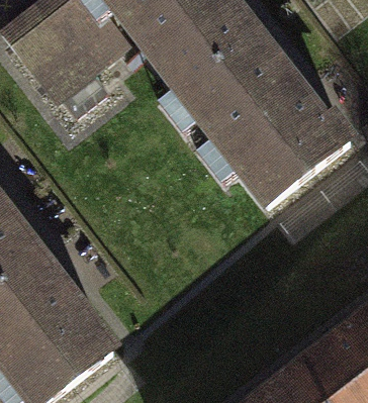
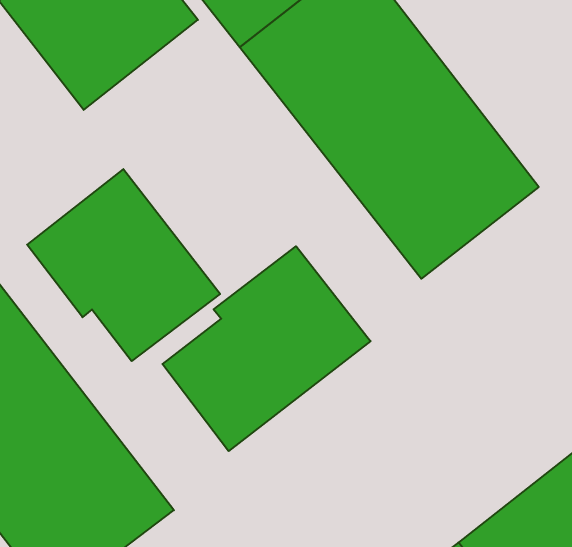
building: none -> [27,169,220,361]
building: none -> [162,246,371,451]

